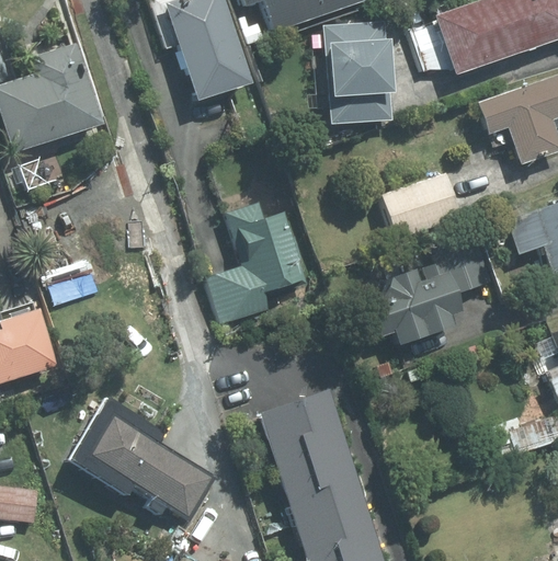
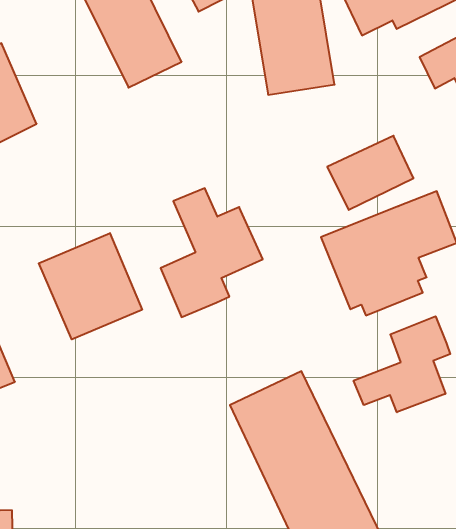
building: none -> [39,233,142,339]
building: none -> [354,316,450,412]
building: [70,396,215,519] -> none

